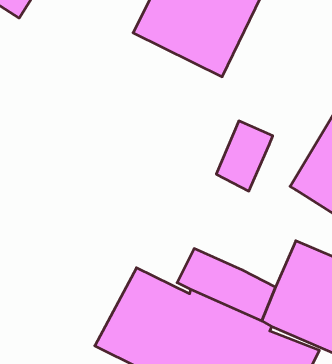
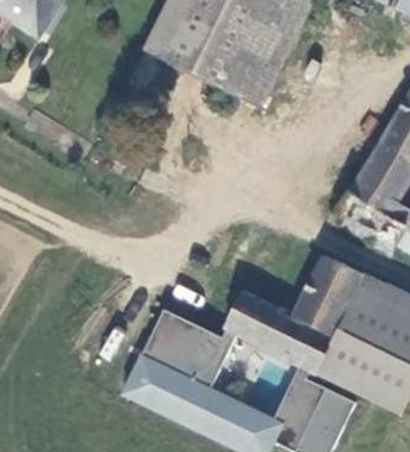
building: [216,121,273,191] -> [279,254,340,330]

